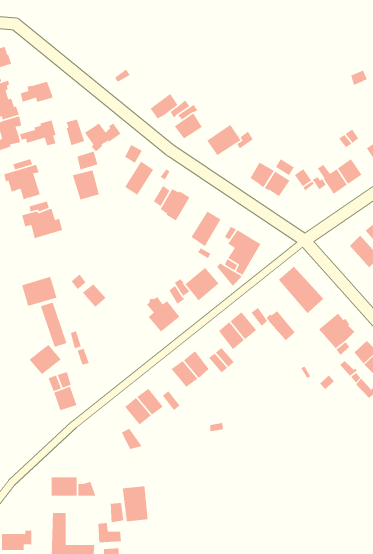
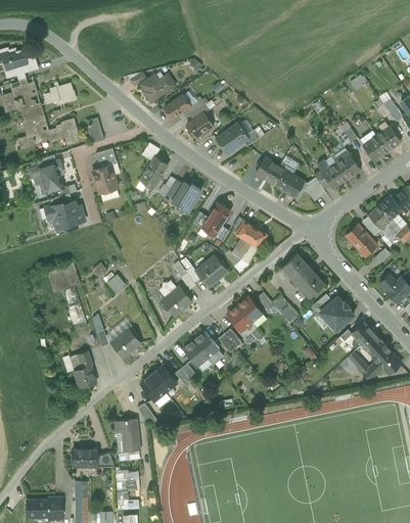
building: [84,123,121,153] -> [140,76,175,103]
building: [28,344,62,375] -> [110,329,141,358]
building: [122,485,148,522] -> [115,419,139,453]

